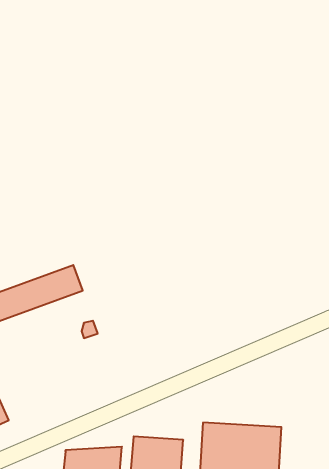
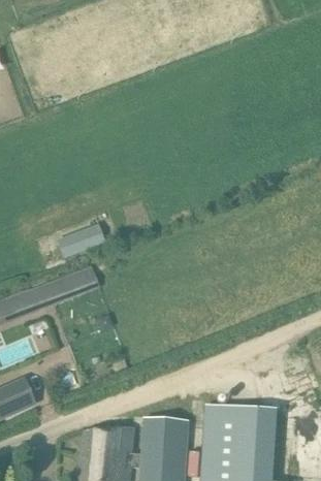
building: none -> [56,223,104,257]

